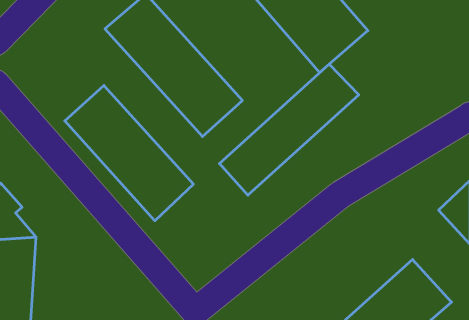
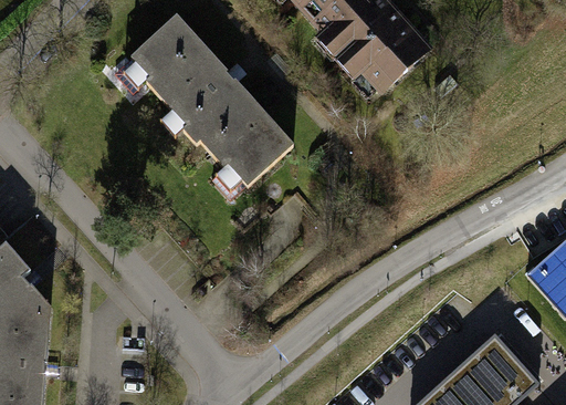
building: [219,64,359,195] -> none
building: [65,85,193,221] -> none

